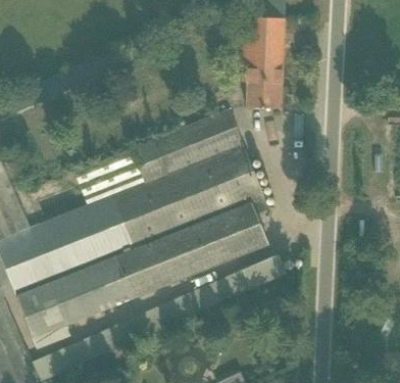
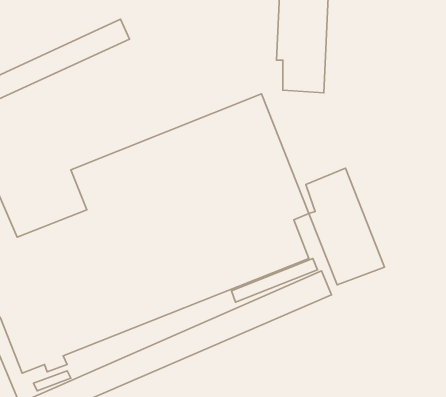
building: none -> [306,168,385,285]

